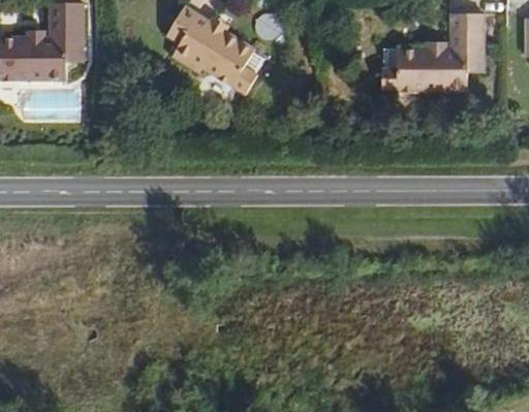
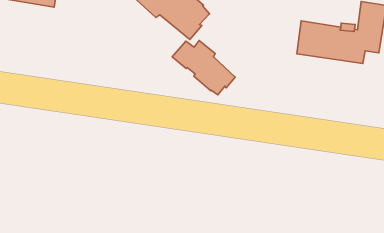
building: none -> [172,40,235,95]

